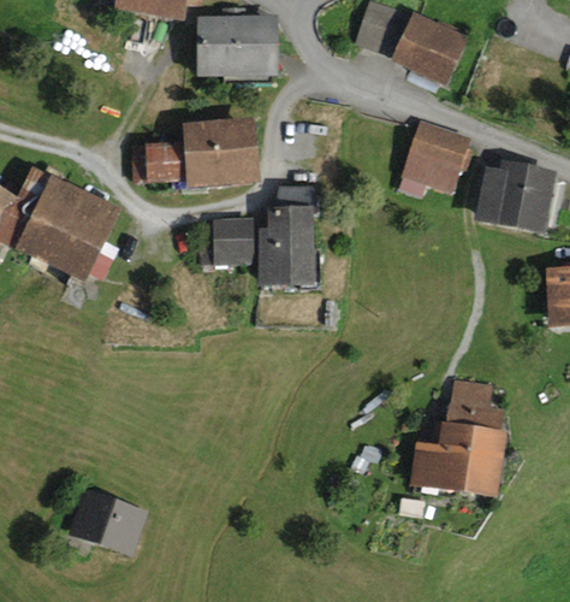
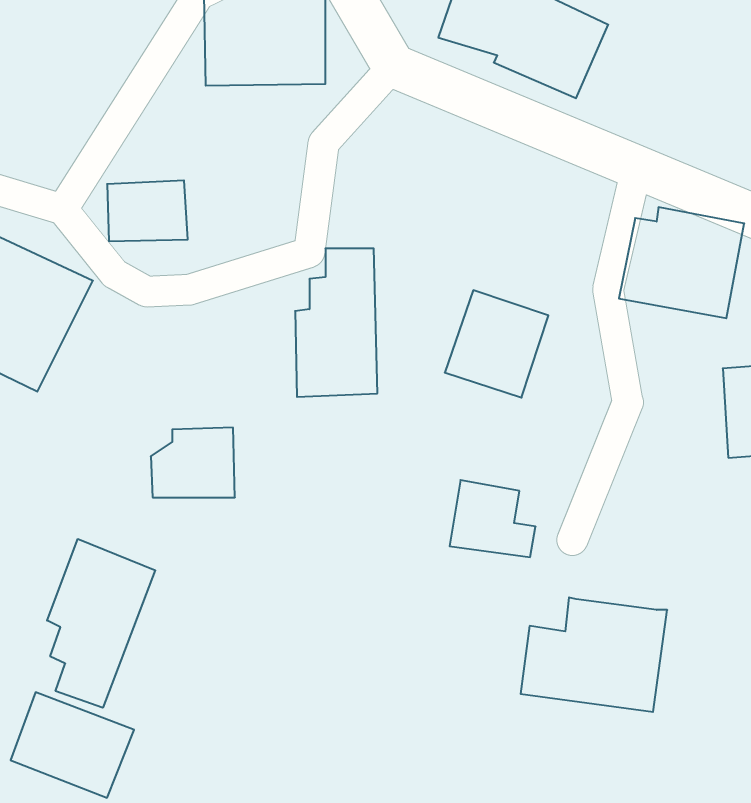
building: [180,117,260,188] -> none
building: [402,120,471,193] -> [445,290,548,398]
building: [197,217,254,264] -> [151,428,235,497]
building: [446,378,504,430] -> [450,480,536,557]
building: none -> [47,539,155,708]

